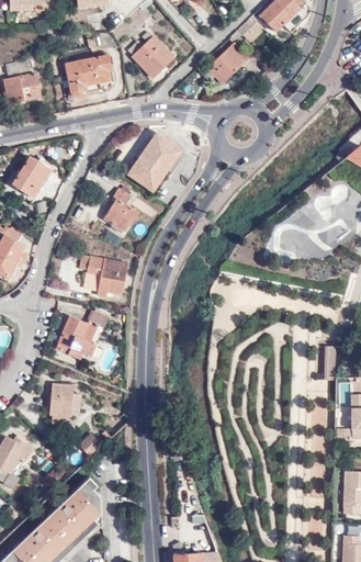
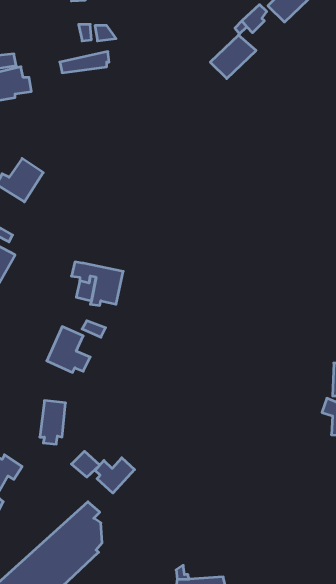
building: [128,33,174,78] -> none
building: [68,72,113,99] -> none
building: [127,135,178,190] -> none
building: [104,189,137,229] -> none
building: none -> [95,458,135,493]

